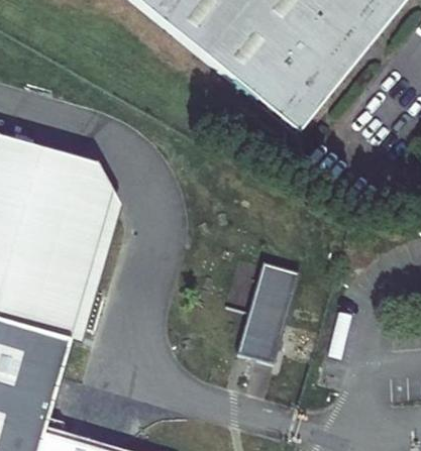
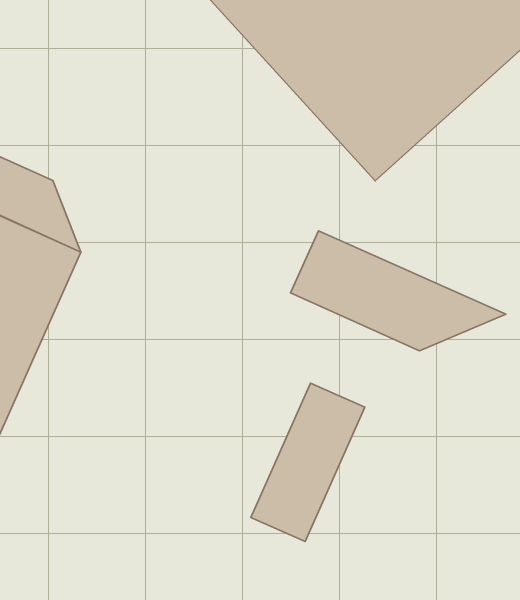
building: none -> [290,231,506,351]

